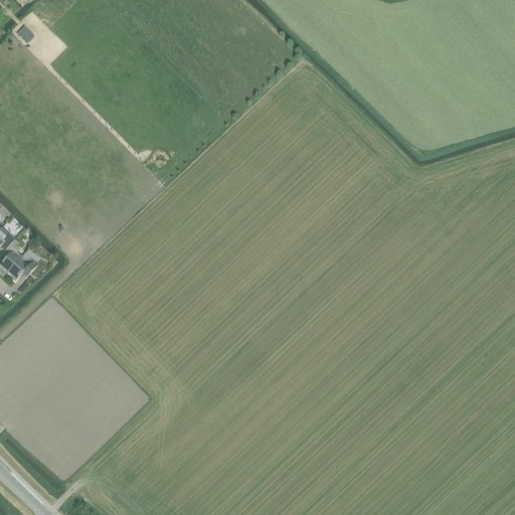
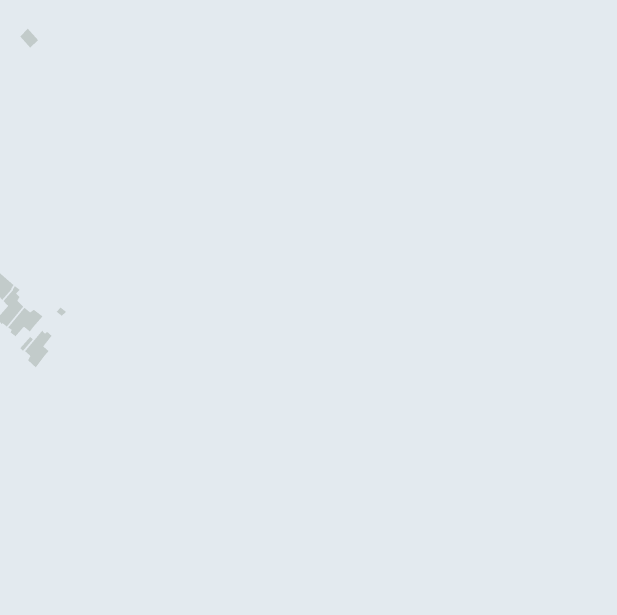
building: none -> [24,330,53,368]

